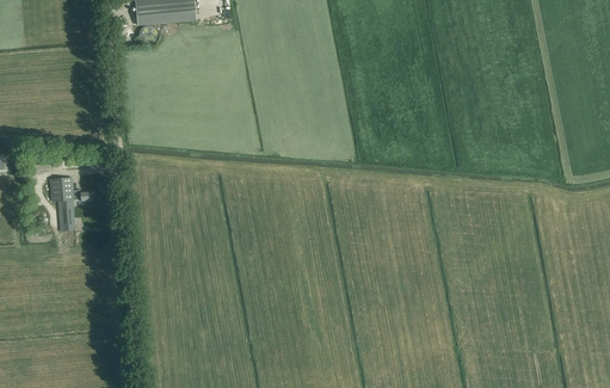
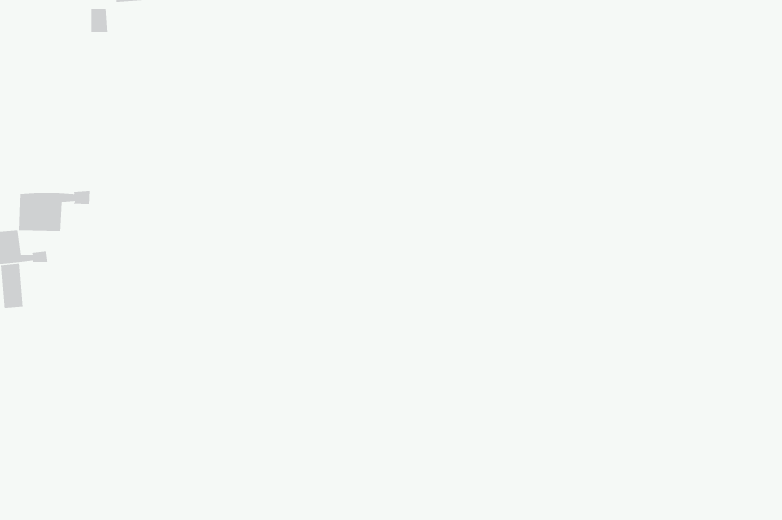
building: none -> [18,190,91,232]

